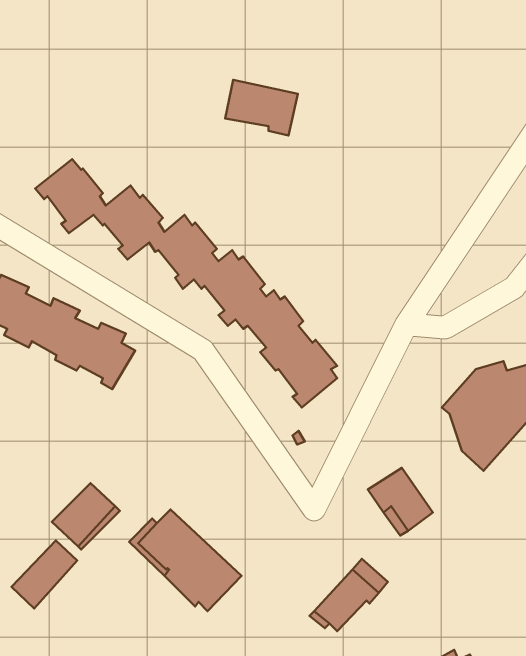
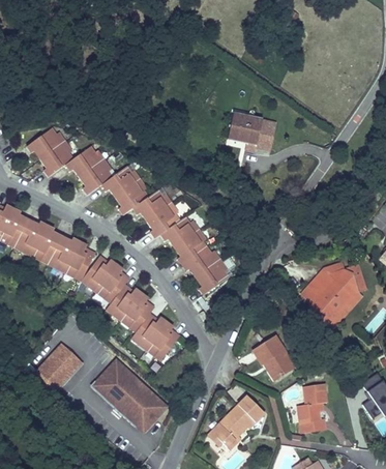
building: [225,80,298,136] -> [229,114,277,151]
building: none -> [79,258,182,361]
building: none -> [298,384,325,432]
building: [12,540,77,608] -> none

